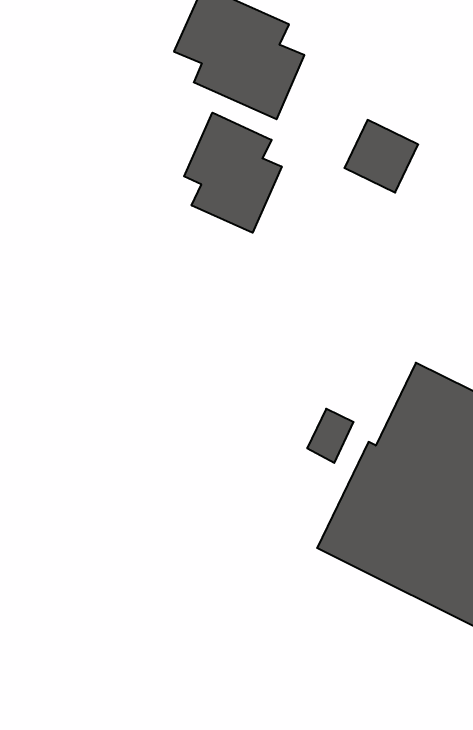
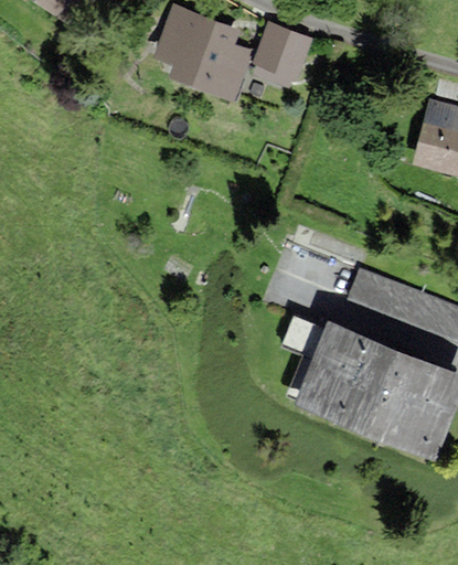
building: [184,113,282,233] -> none
building: [344,120,418,193] -> [254,23,306,74]

